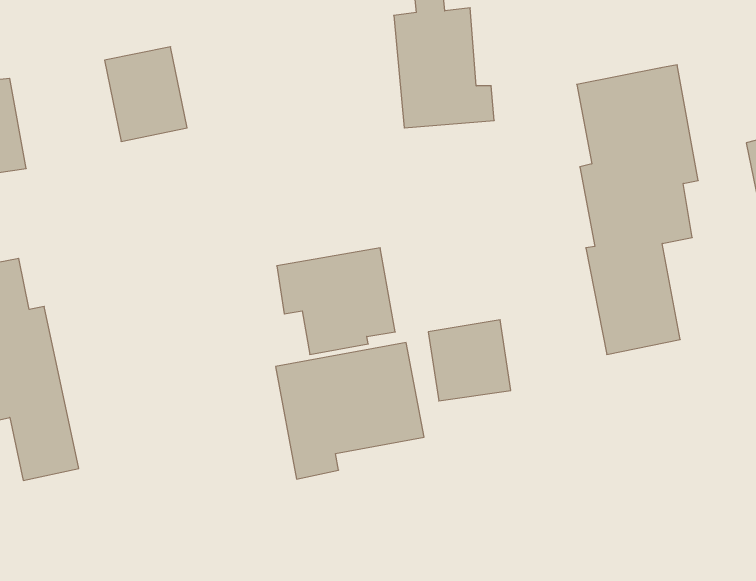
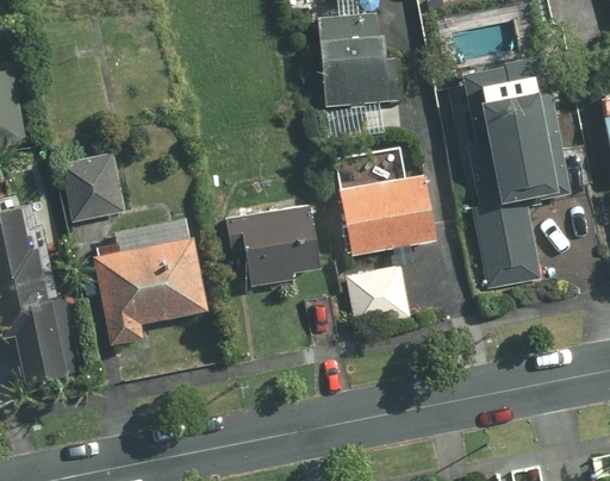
building: [105,47,187,141] -> [60,146,125,221]
building: none -> [336,146,434,251]
building: [276,343,424,479] -> [93,238,211,346]

